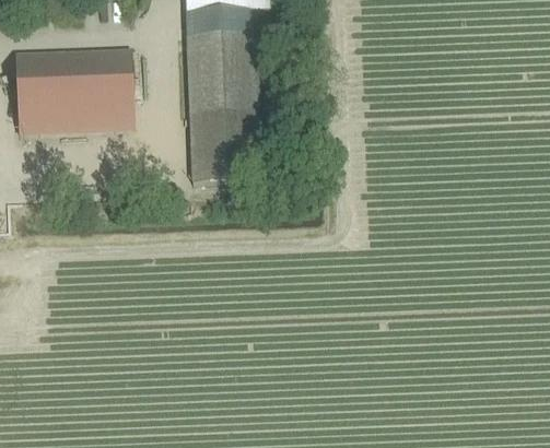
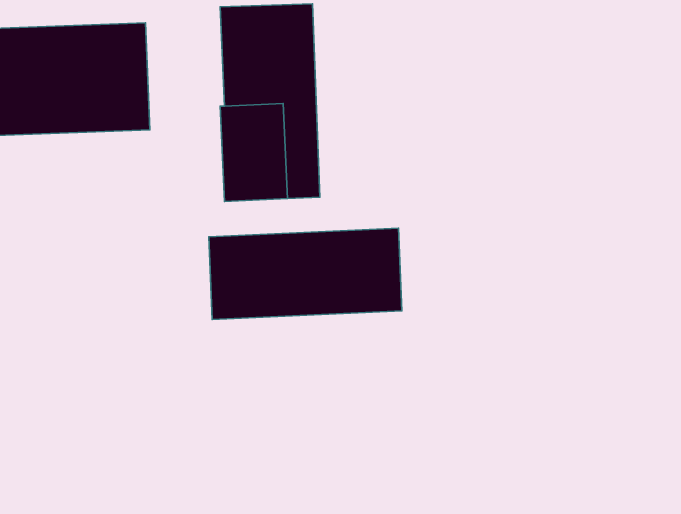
building: none -> [209,228,402,320]

